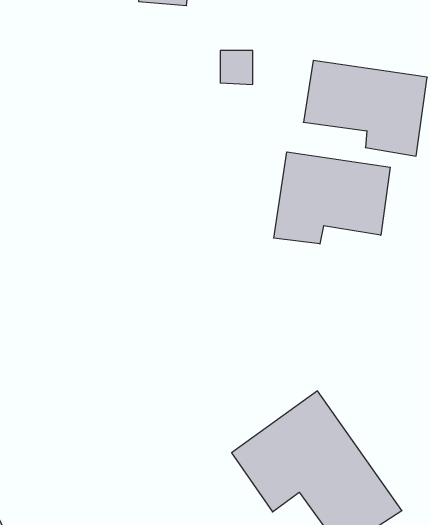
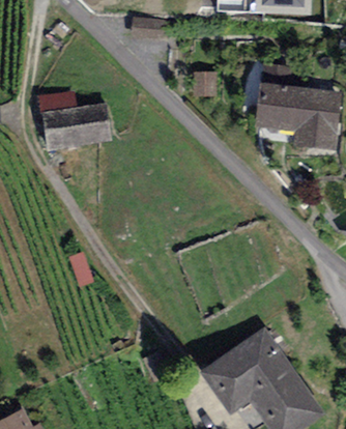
building: none -> [40,101,113,150]
building: [274,152,390,244] -> none

